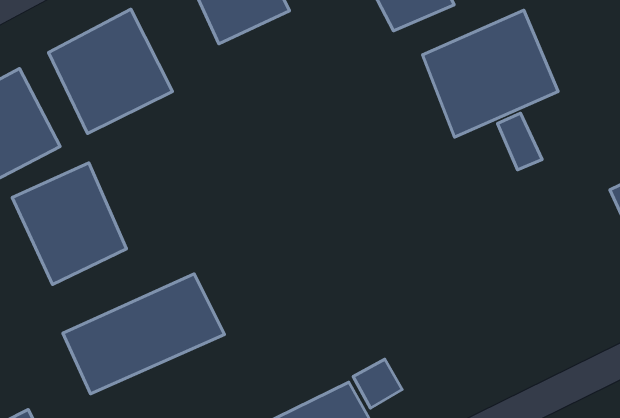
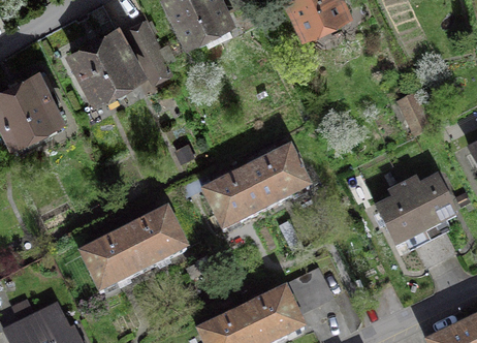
building: [422,10,558,137] -> none
building: [12,163,126,284] -> none
building: none -> [199,149,309,232]
building: none -> [372,168,453,239]

